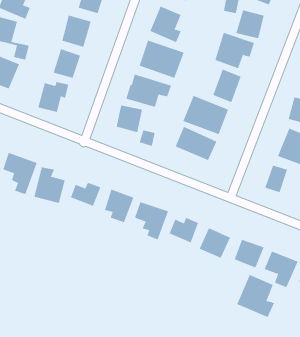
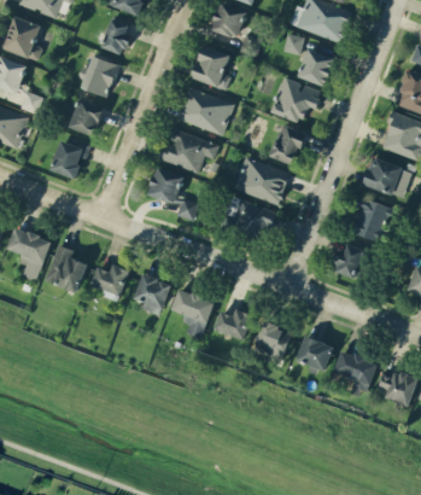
building: [237,274,275,318] -> none

